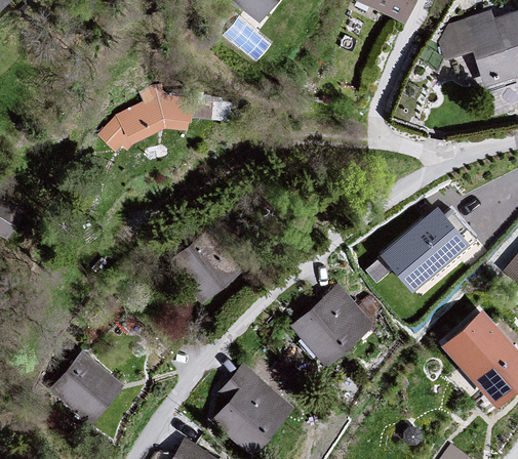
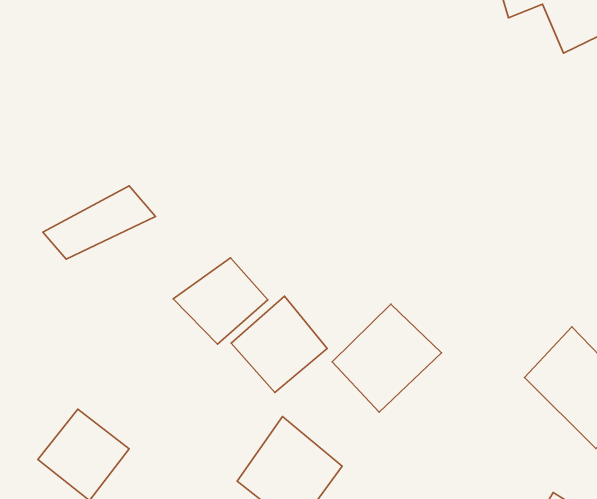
building: [104,94,194,150] -> [43,186,156,259]
building: [383,199,476,290] -> none
building: none -> [231,296,327,393]

